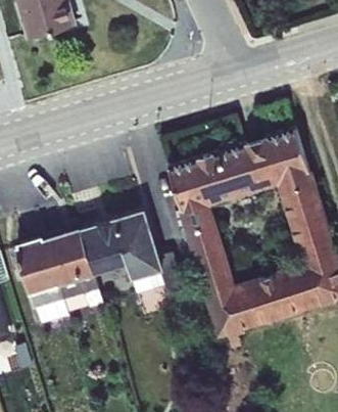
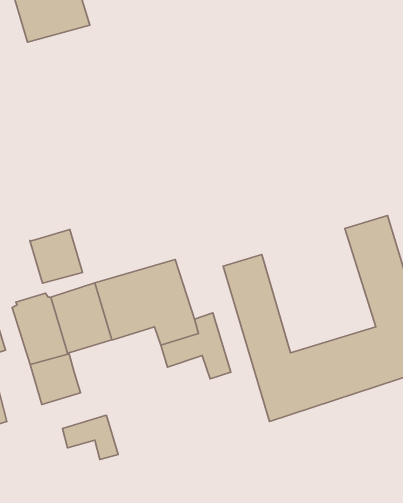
building: [167,129,310,216] -> none
building: none -> [30,230,82,283]
building: [59,274,103,309] -> [62,416,118,460]

